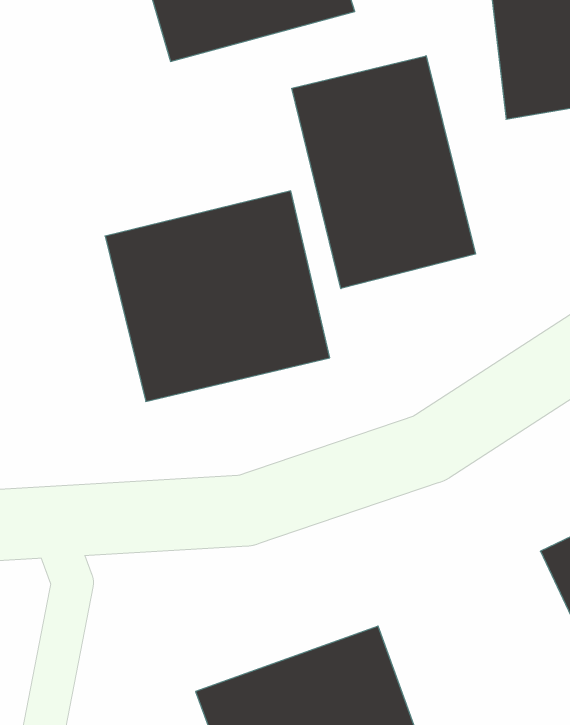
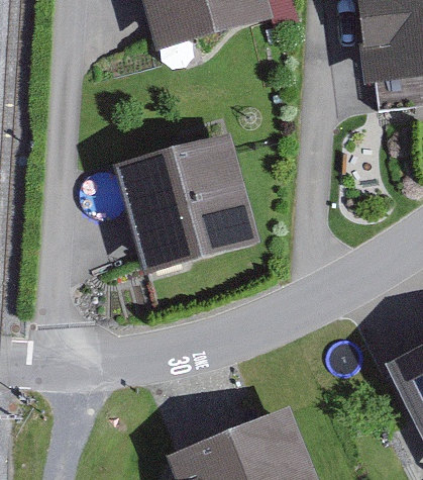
building: [292,56,475,289] -> none

